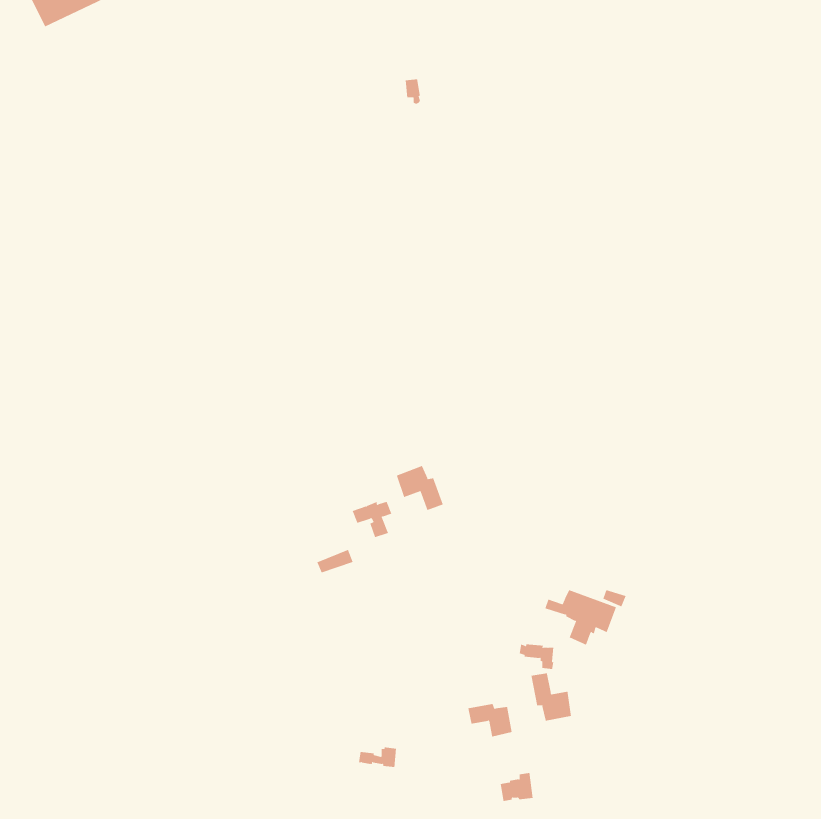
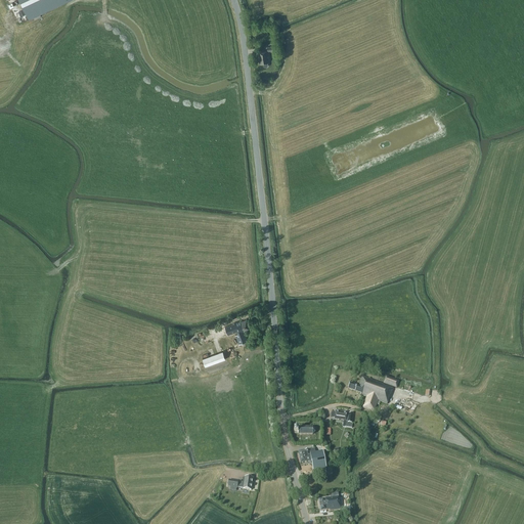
building: [396,465,444,511] -> none
building: [531,672,572,721] -> none

